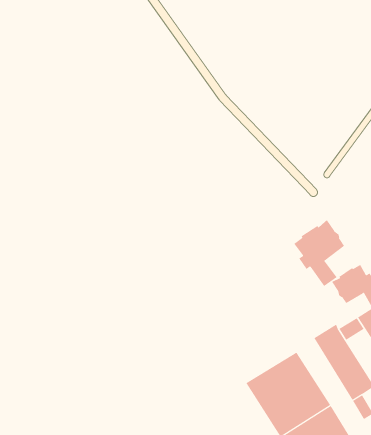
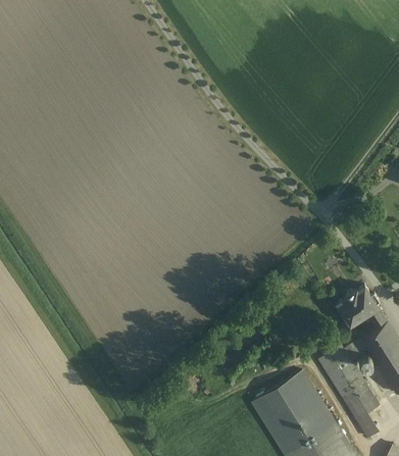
building: [294,219,345,287] -> none

